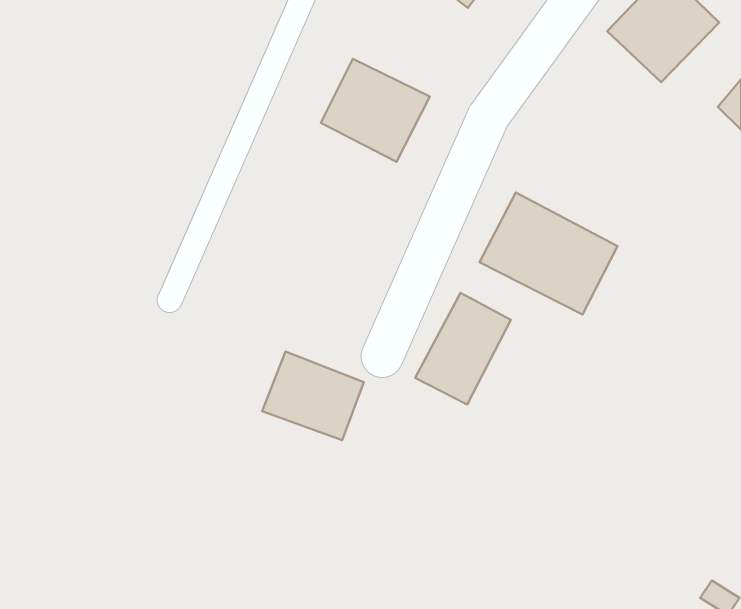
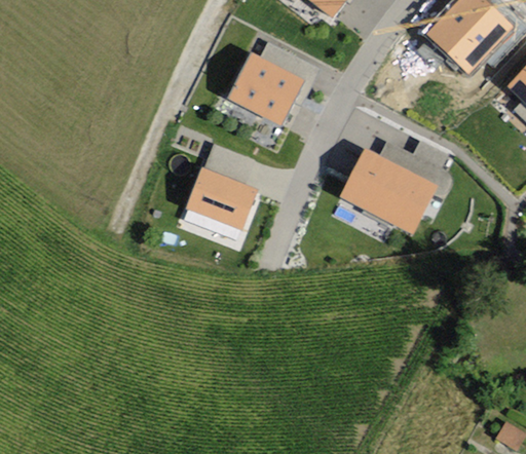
building: [415,293,511,405] -> none
building: [262,352,364,440] -> [185,167,257,230]

